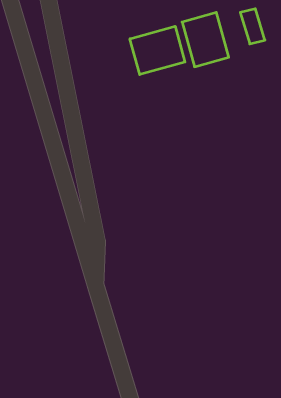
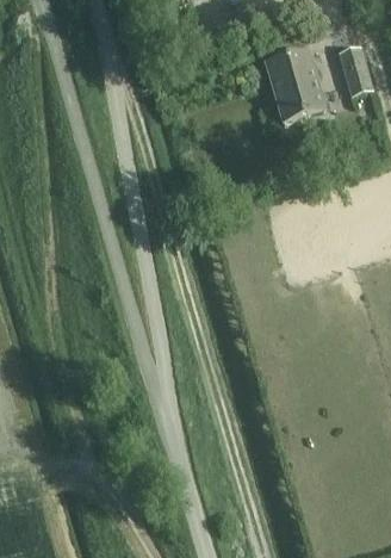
building: [130,26,185,75] -> none

